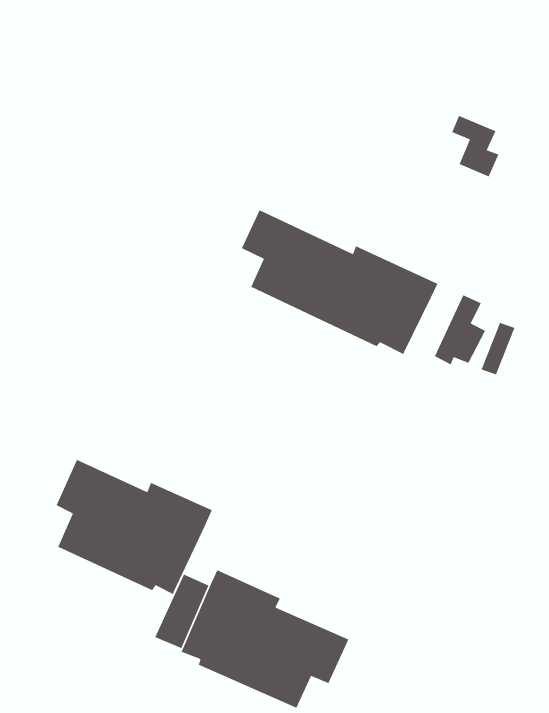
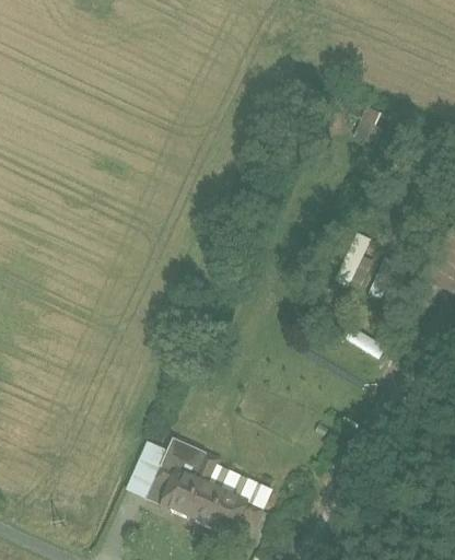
building: [241,209,438,355] -> none
building: [55,459,213,595] -> none

